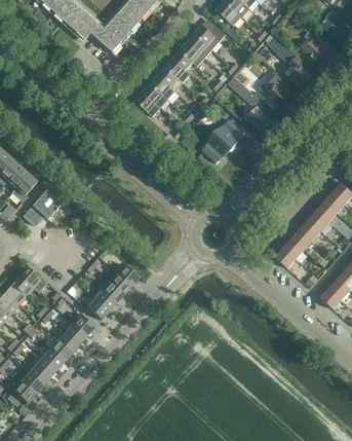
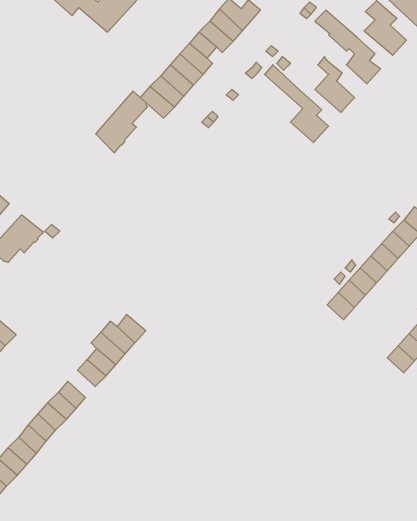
building: none -> [96,91,147,153]
building: [202,118,244,161] -> none

